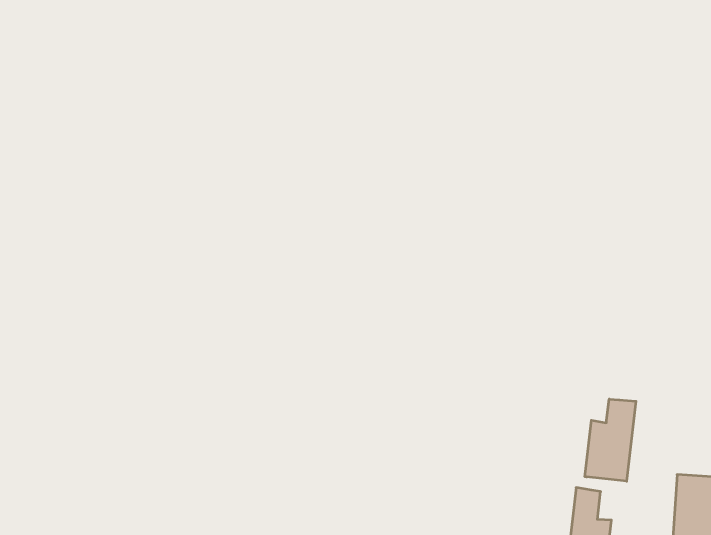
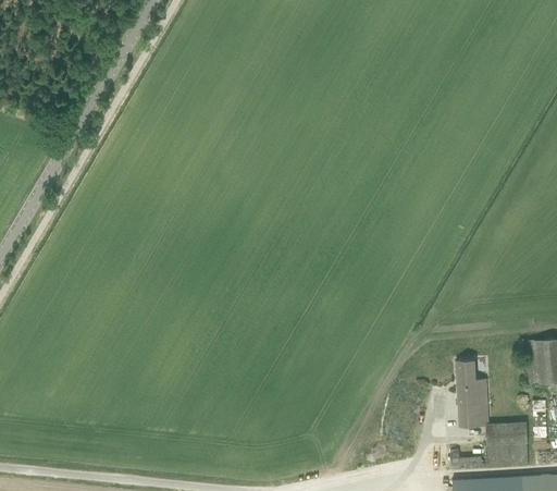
building: [585,399,636,481] -> none

